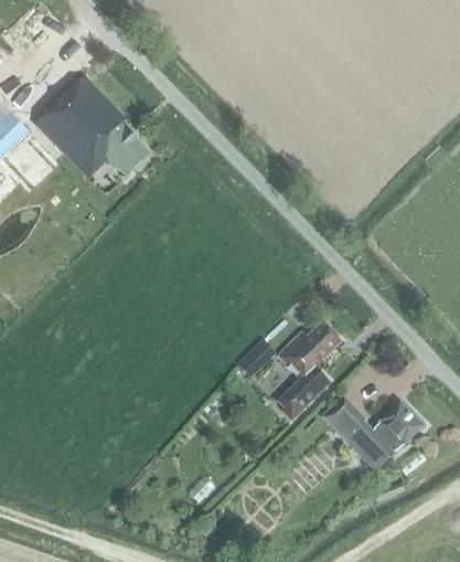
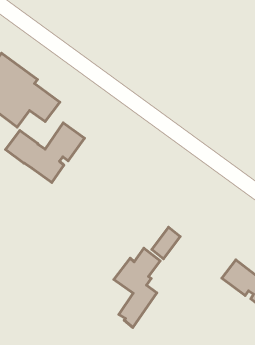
building: none -> [5,123,84,182]
building: [276,320,341,421] -> [114,248,160,327]

